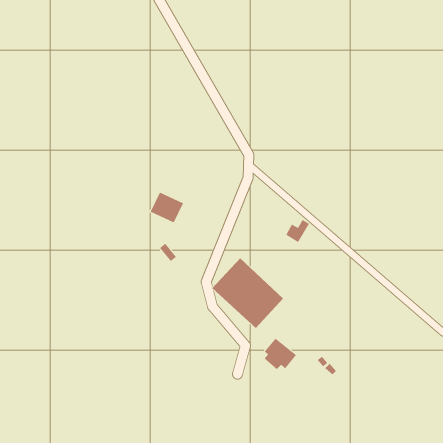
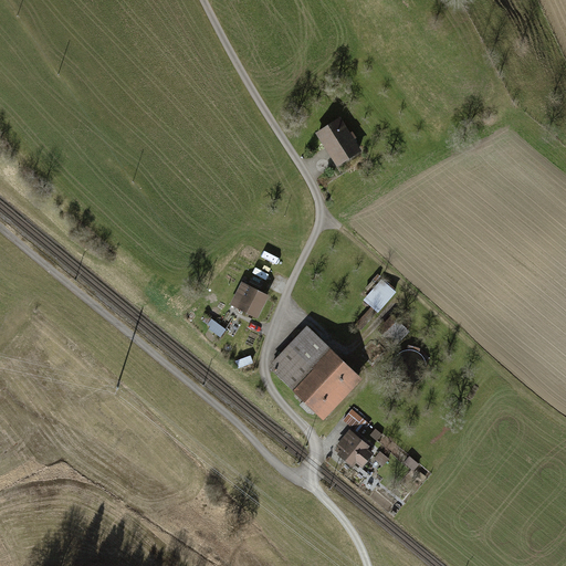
building: none -> [314,116,363,168]
building: [150,192,184,223] -> [229,280,272,319]

